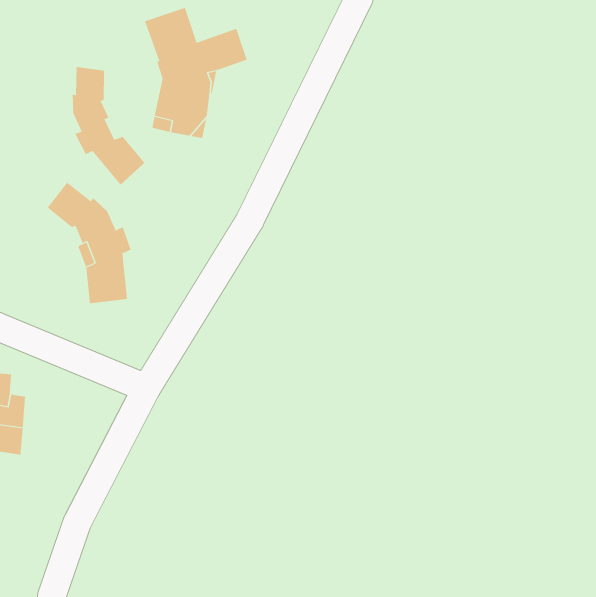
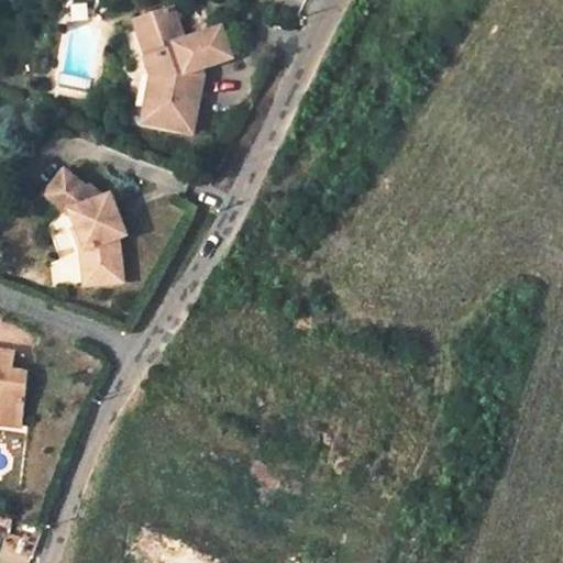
building: [72,66,145,185] -> none

